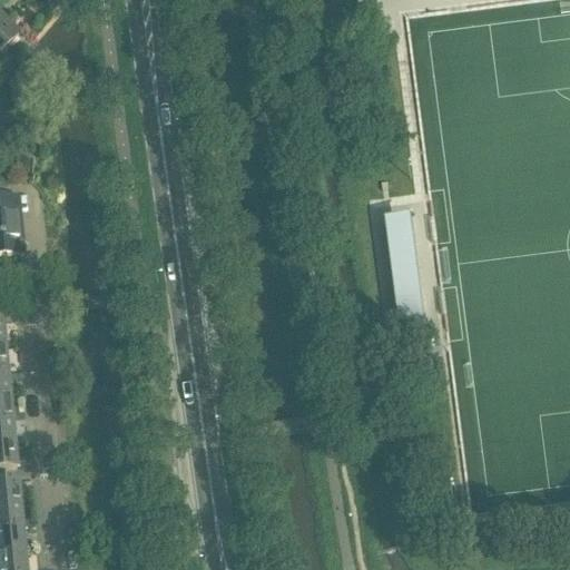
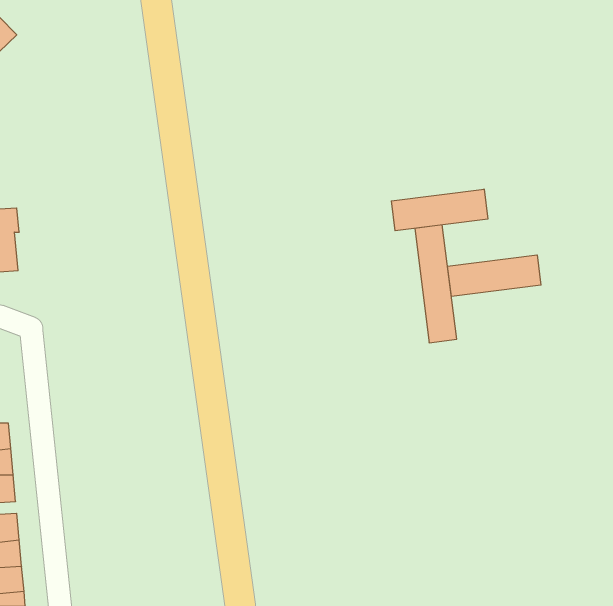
building: none -> [391,189,488,231]
building: none -> [448,255,541,296]

